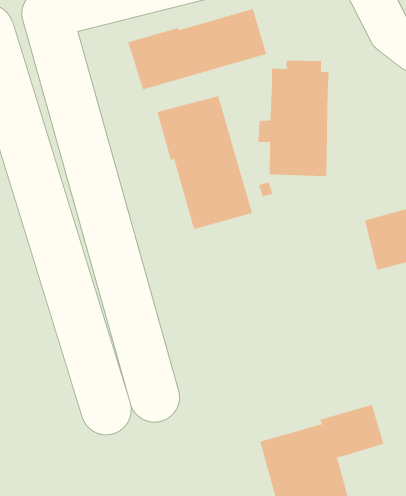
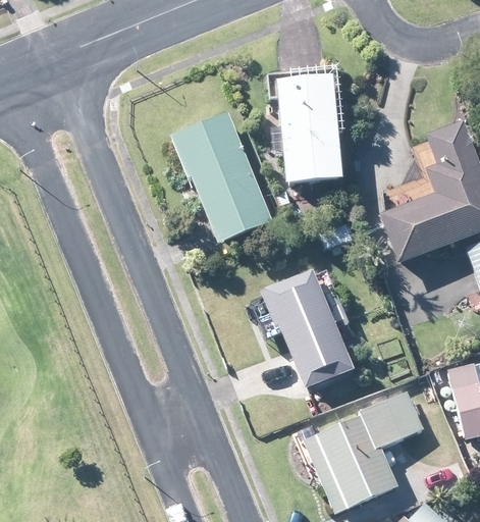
building: [127,8,267,90] -> none
building: none -> [260,269,354,388]

